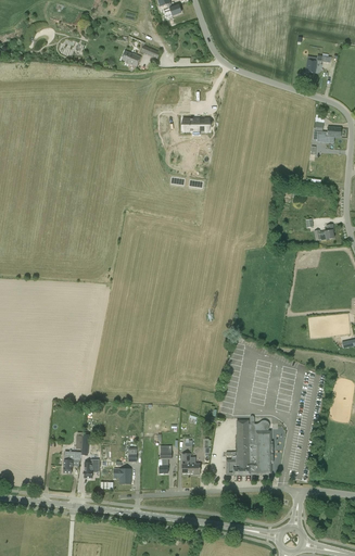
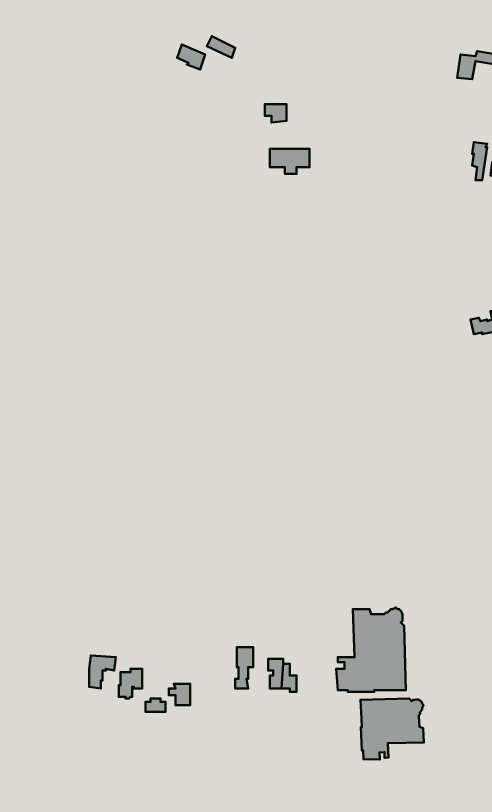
building: none -> [361,699,424,760]

